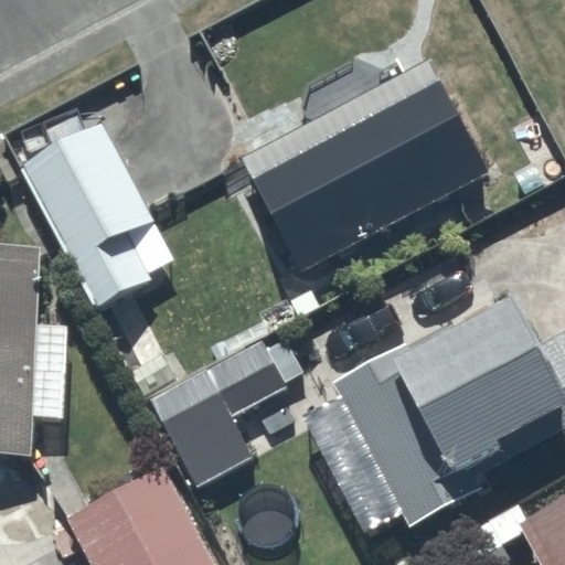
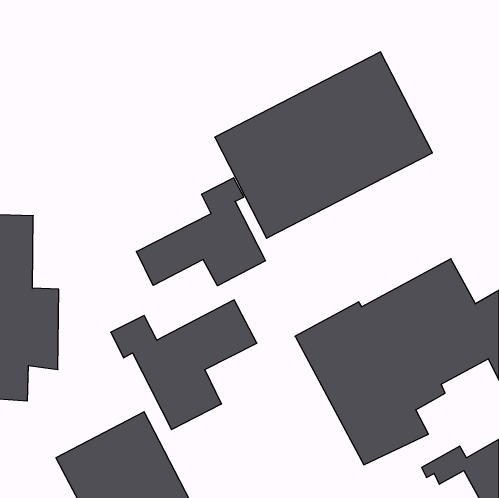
building: [6,89,195,307] -> none
building: none -> [136,178,265,286]

